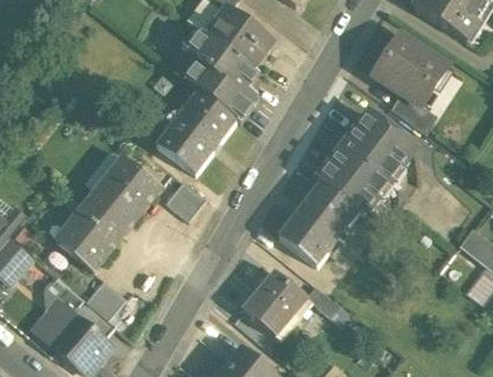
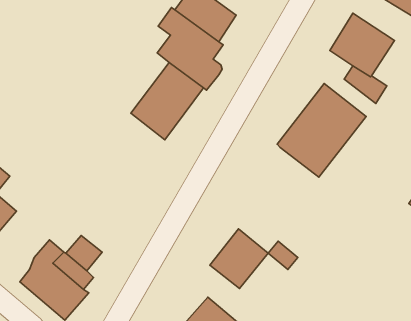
building: [55,156,161,270] -> none
building: [166,179,206,221] -> none
building: [278,182,357,267] -> none

